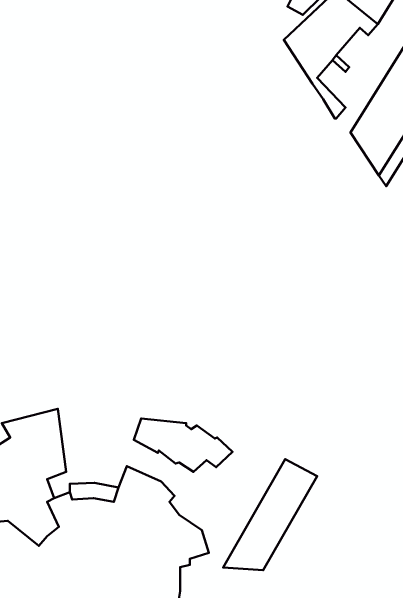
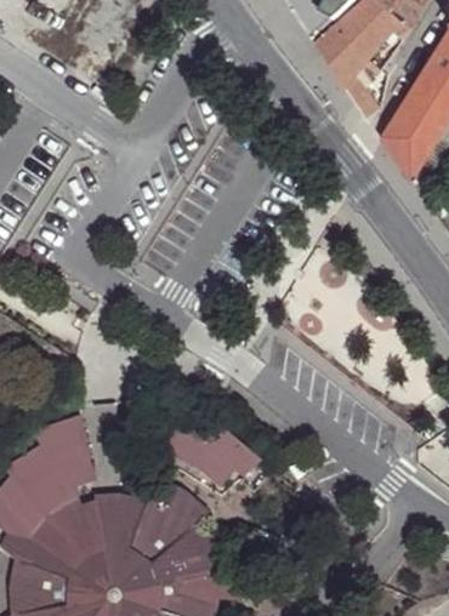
building: [223,459,317,570] -> none

